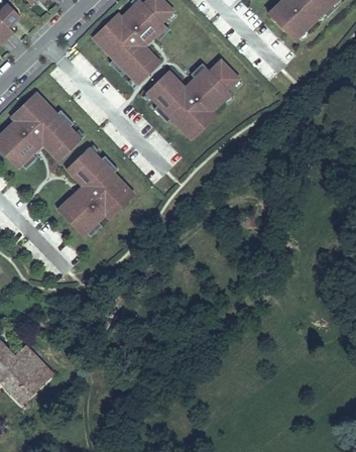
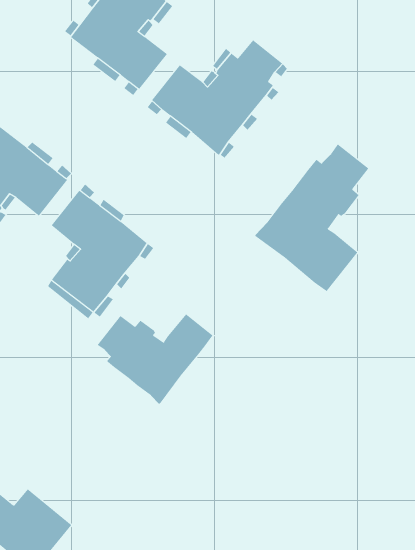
building: none -> [255,143,369,293]
building: none -> [97,313,214,404]

